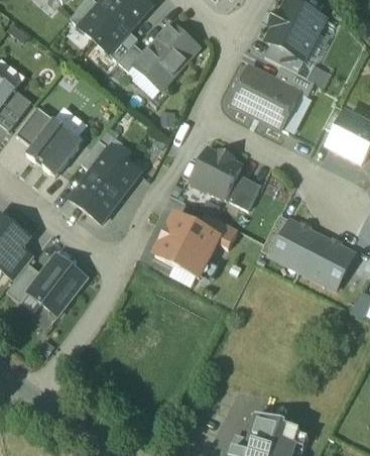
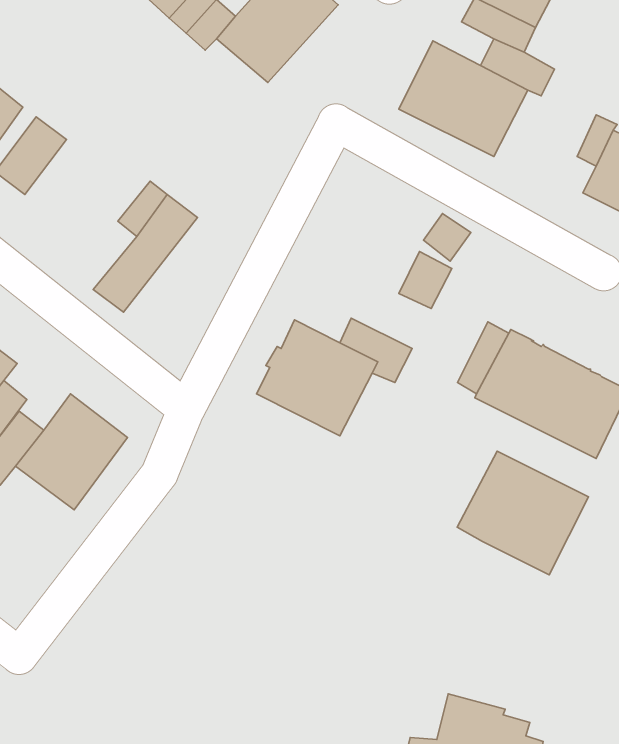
building: [26,118,83,177] -> none
building: [191,147,241,197] -> none
building: [85,159,140,223] -> none
building: none -> [457,451,589,575]

